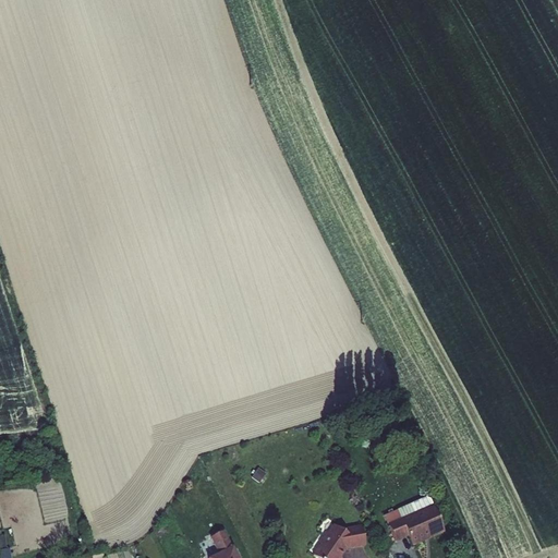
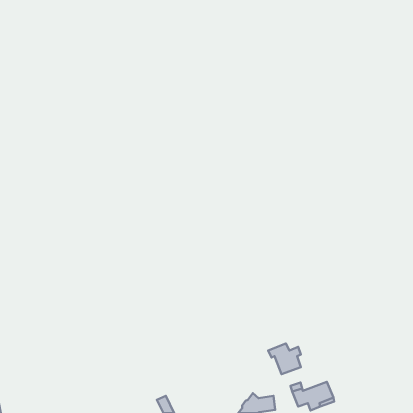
building: none -> [268,343,301,374]

